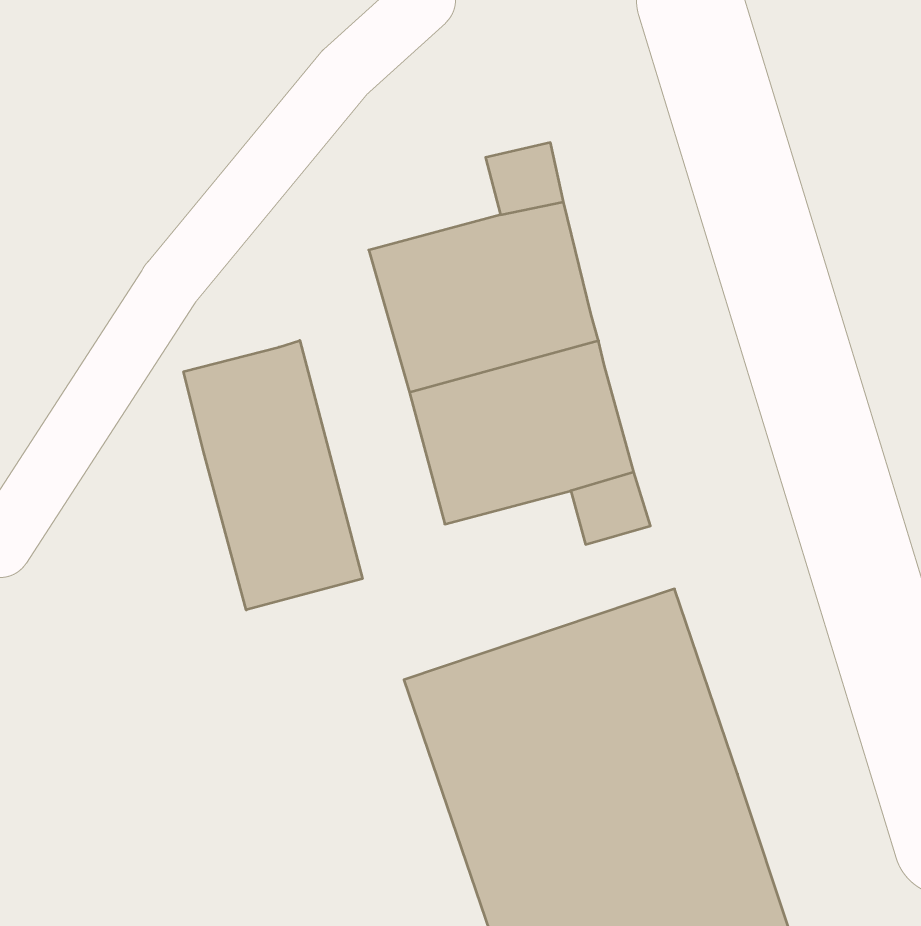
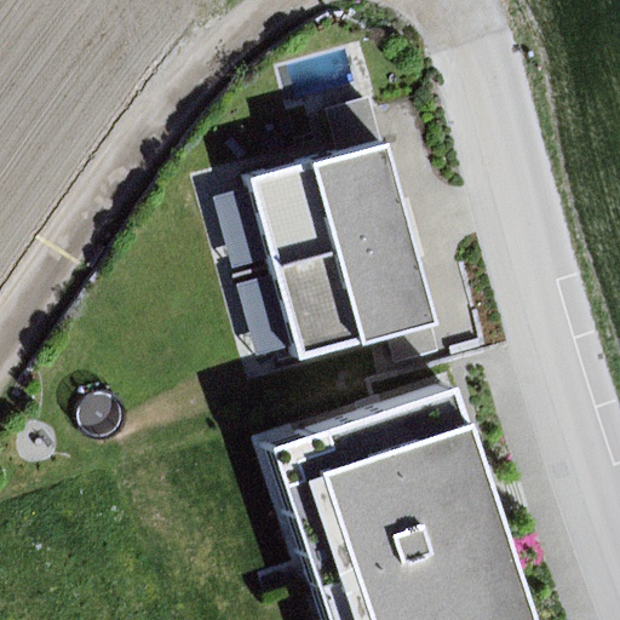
building: [184,340,362,610] -> none

